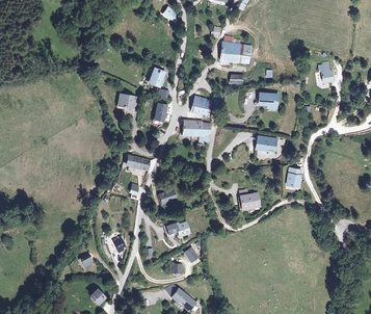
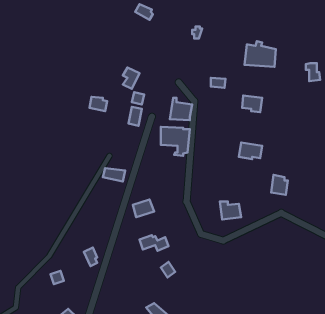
building: [222,41,251,64] -> [244,41,276,67]

